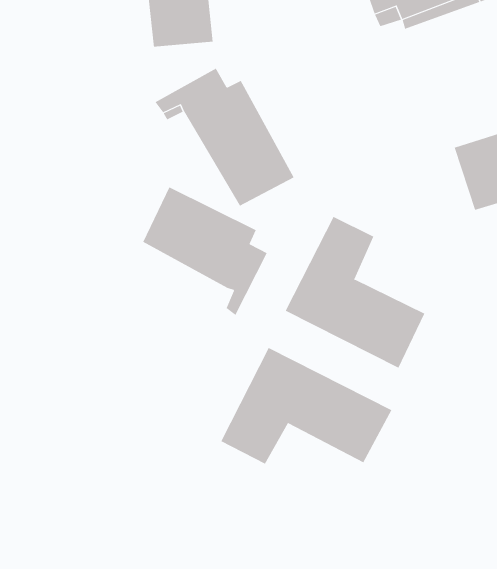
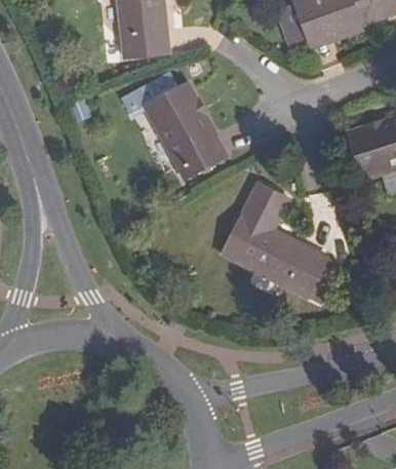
building: [143,186,267,316] -> none
building: [221,347,392,464] -> none

